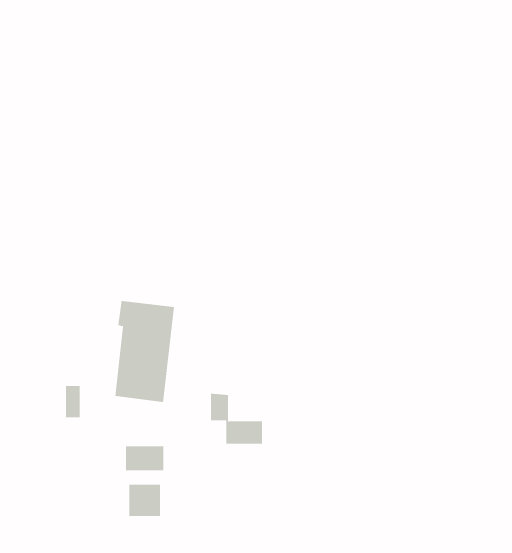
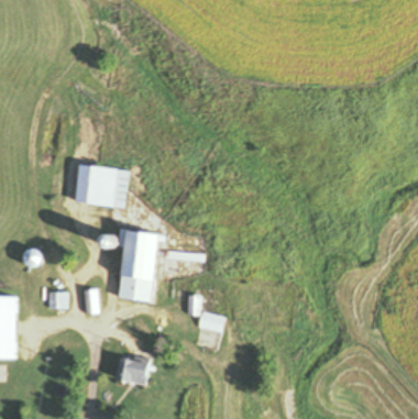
building: none -> [75,163,129,208]
building: [125,445,164,471] -> none

